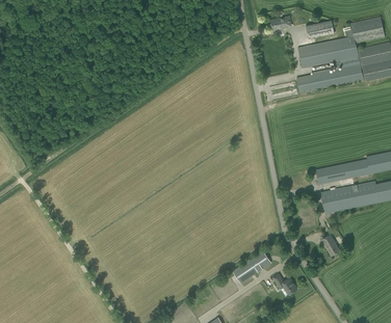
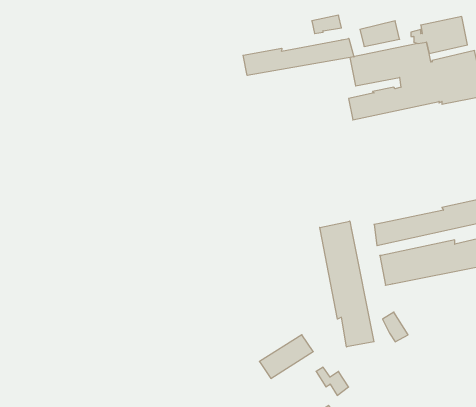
building: none -> [243,38,354,75]
building: none -> [320,221,374,347]

